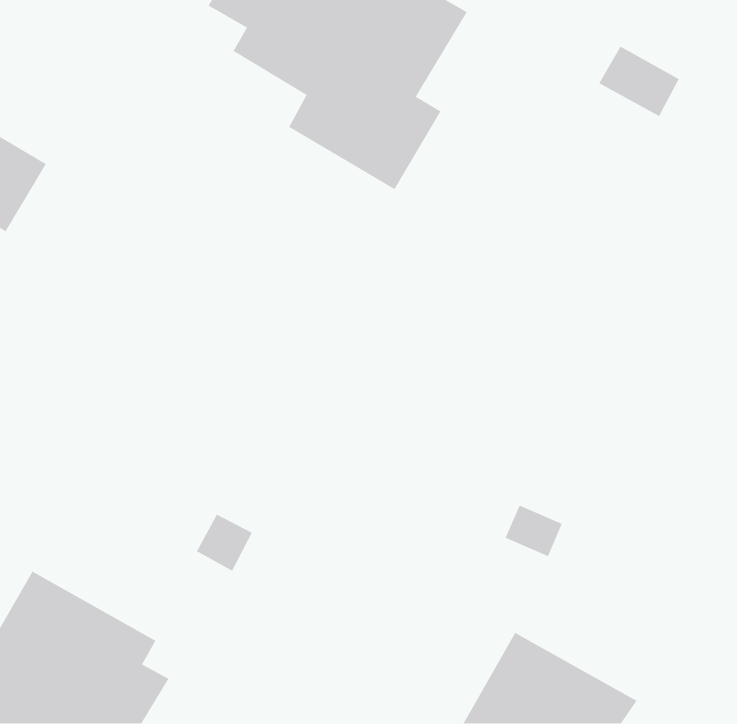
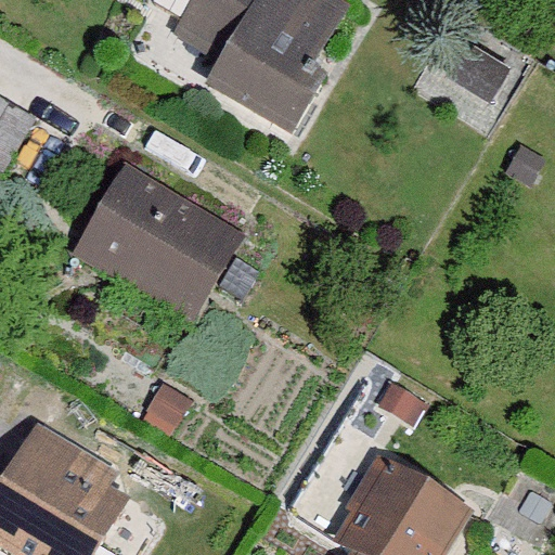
building: none -> [68,169,247,334]

